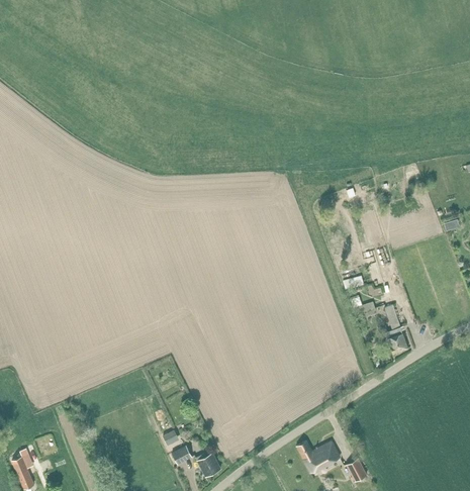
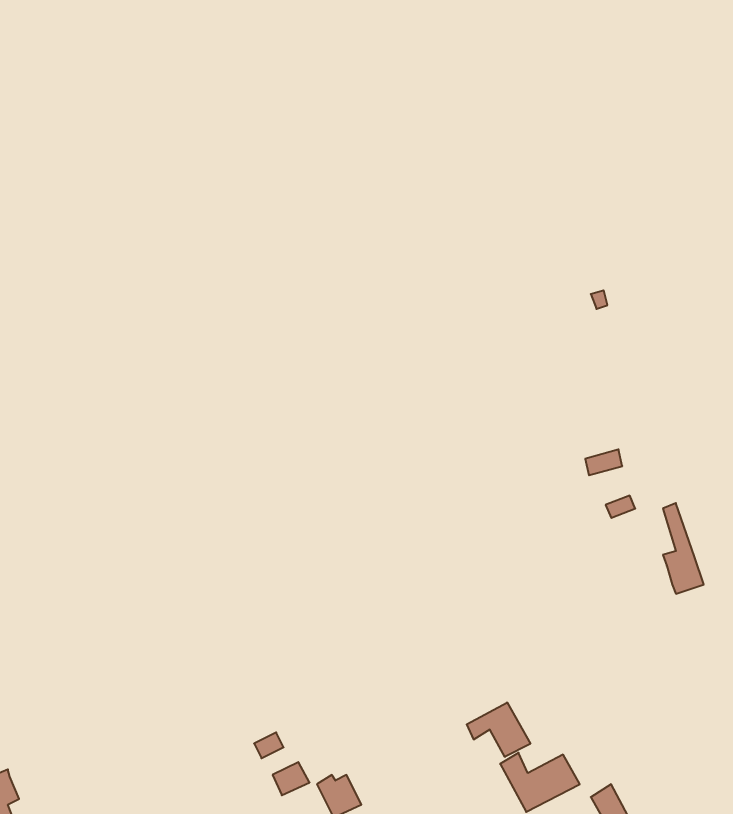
building: none -> [467,702,530,757]

